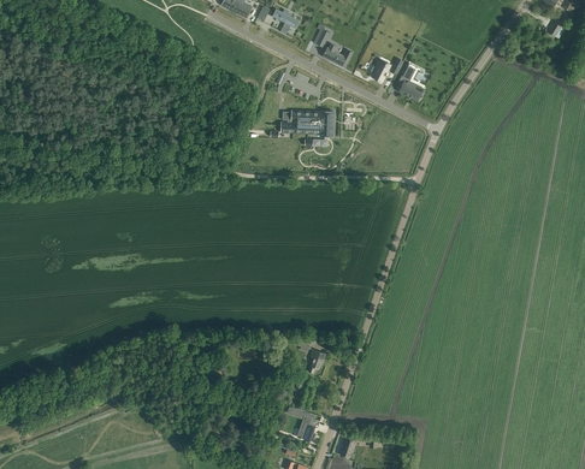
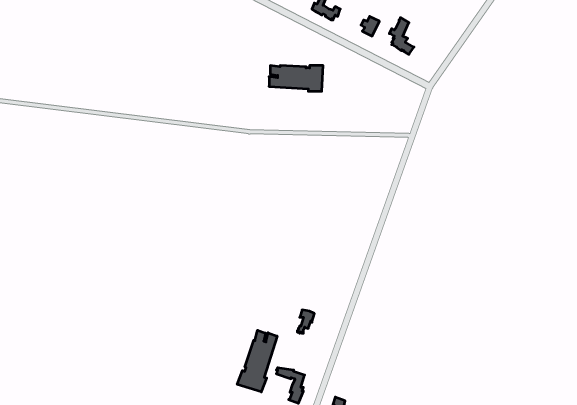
building: none -> [237,330,277,392]

